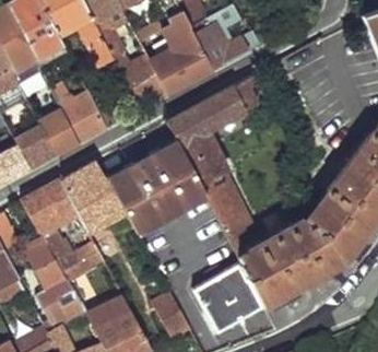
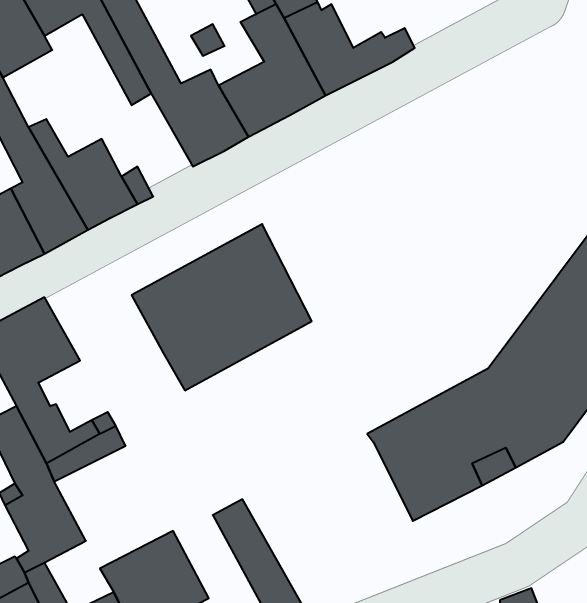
building: [170,79,257,237] -> none
building: [60,161,126,233] -> none
building: [192,261,263,330] -> none

